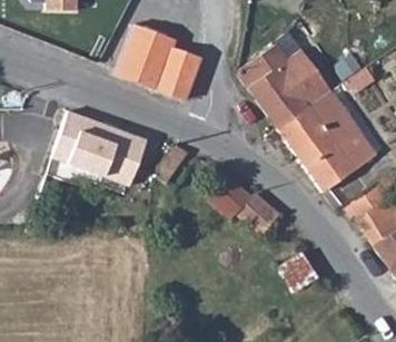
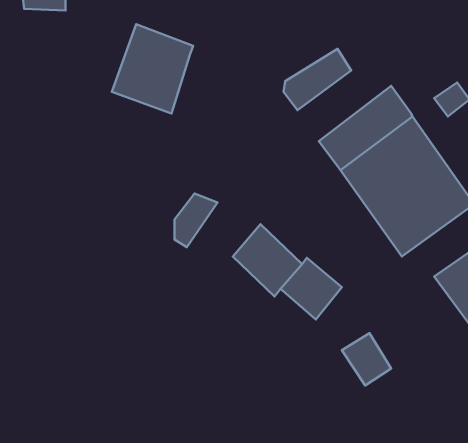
building: [156,46,199,99] -> none
building: [247,47,315,108] -> none
building: [50,111,146,186] -> none

